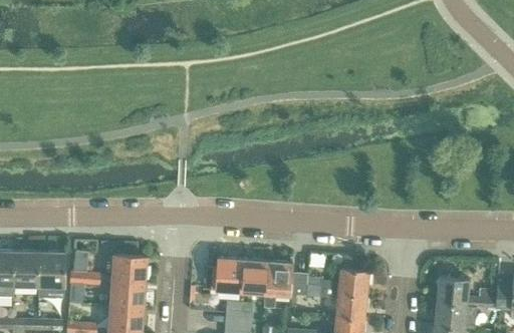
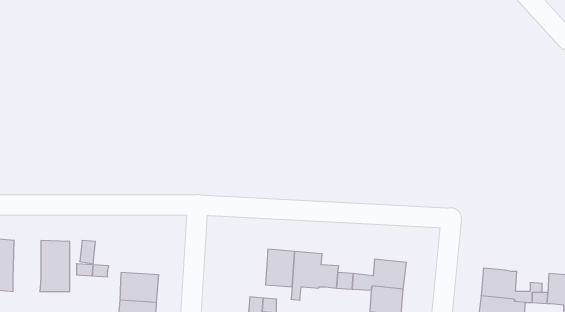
building: [14,251,39,285] -> none
building: [111,254,148,282] -> none
building: [206,257,244,291] -> none

